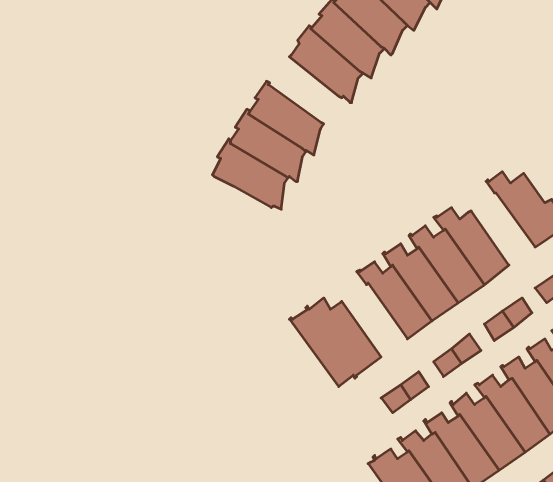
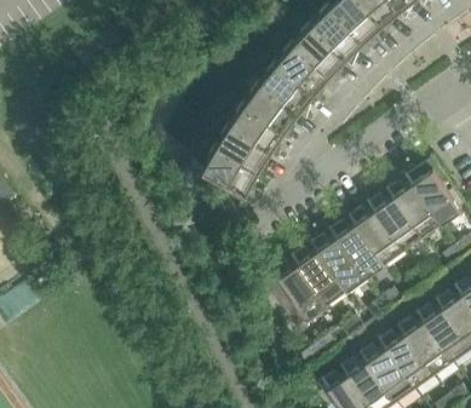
building: none -> [241,80,295,137]
building: none -> [383,182,438,237]
building: none -> [287,248,344,305]

